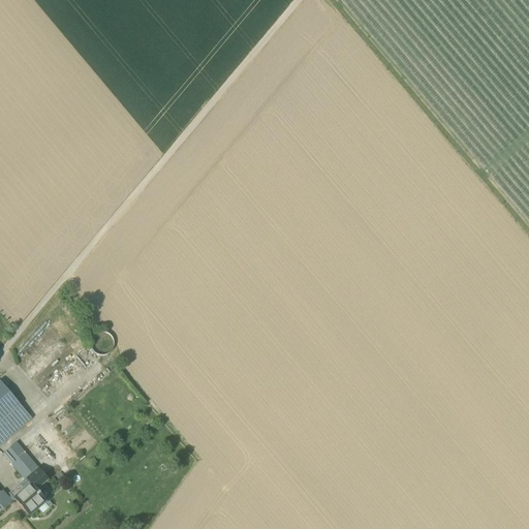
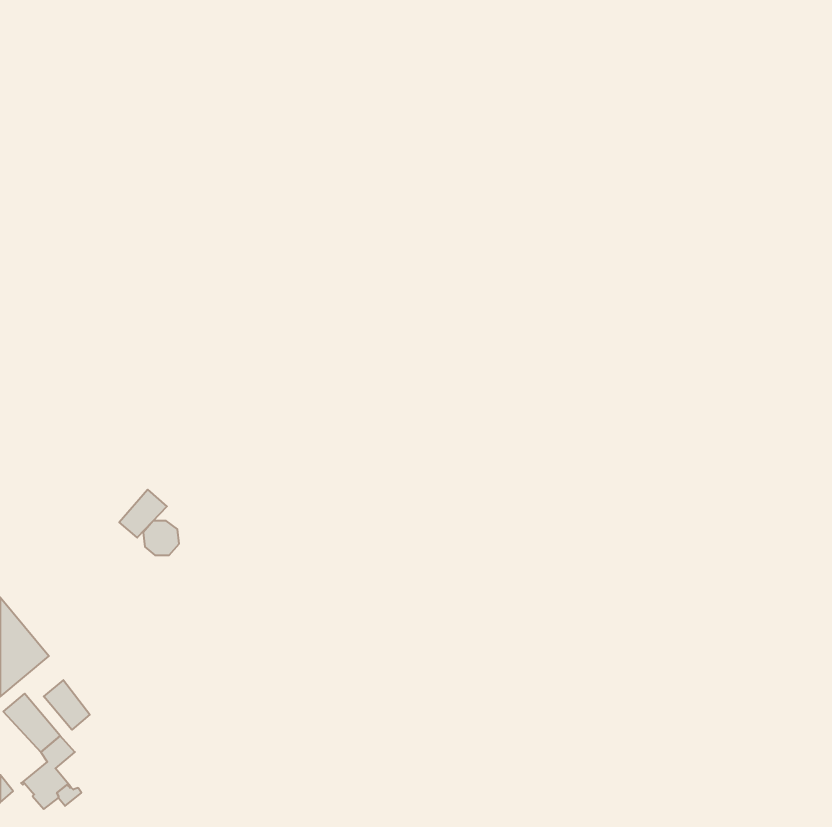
building: none -> [119,490,167,538]
building: none -> [44,680,90,730]

